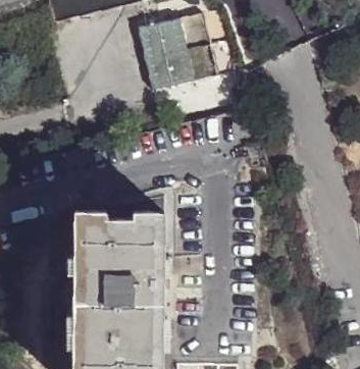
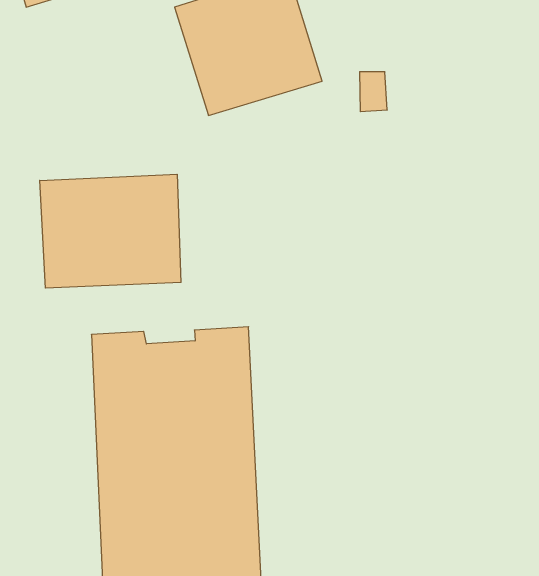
building: none -> [40,174,181,288]

